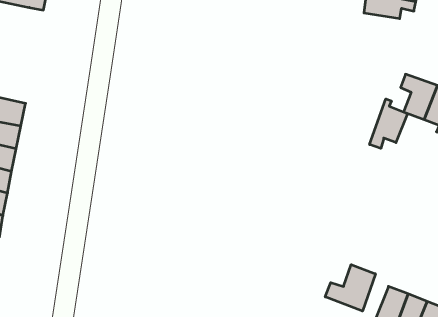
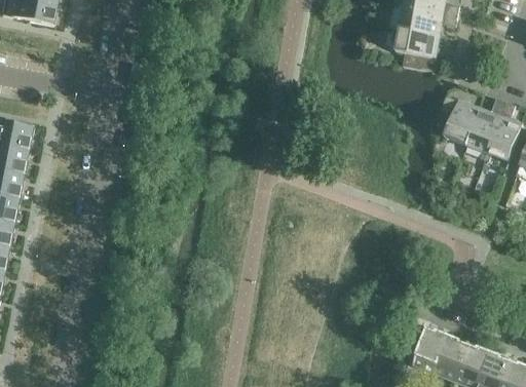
building: none -> [397,29,440,71]
building: [370,99,408,148] -> none
building: [325,265,375,311] -> none

